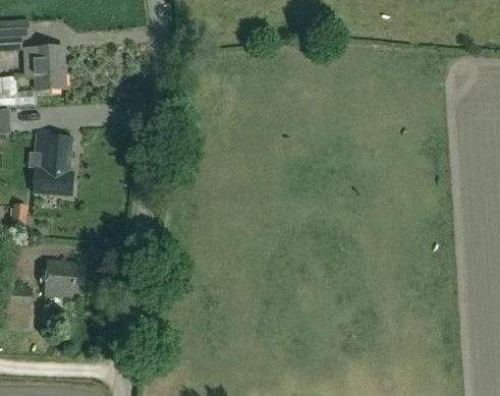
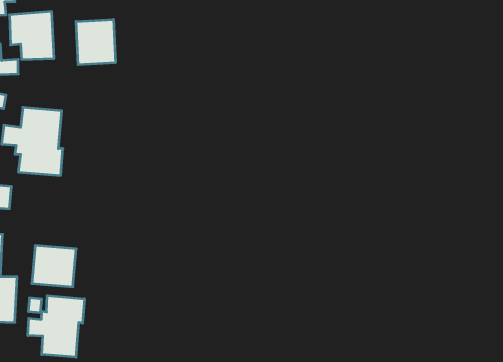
building: none -> [76,19,115,65]
building: none -> [28,296,84,357]

